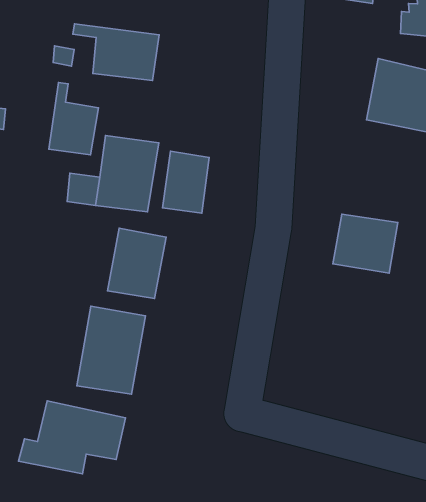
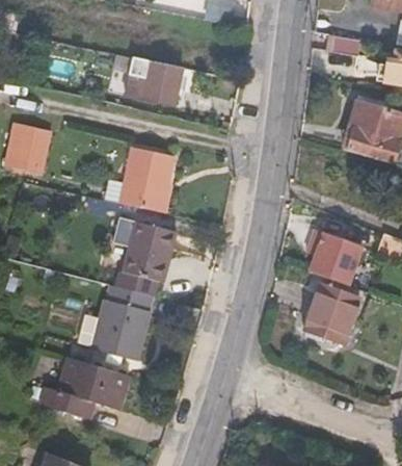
building: [49,83,98,155] -> none
building: [162,151,209,213] -> none
building: none -> [304,284,360,343]

